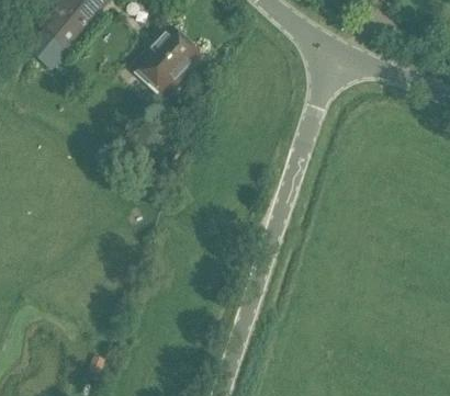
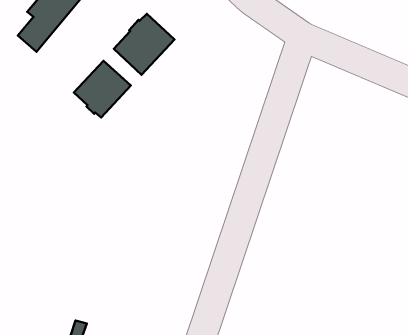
building: none -> [74,61,131,118]

